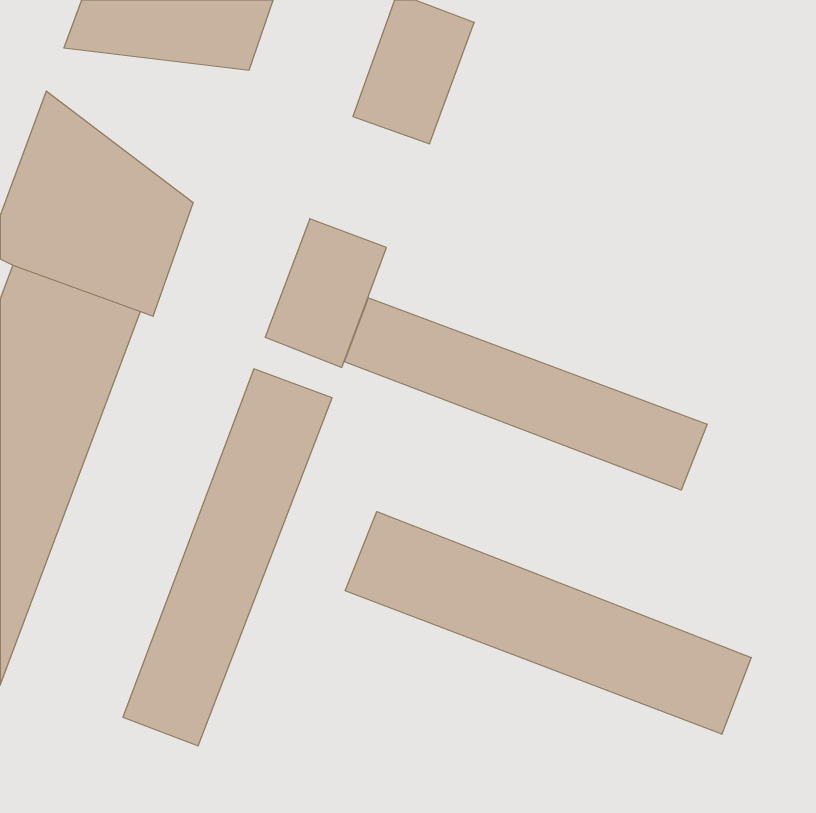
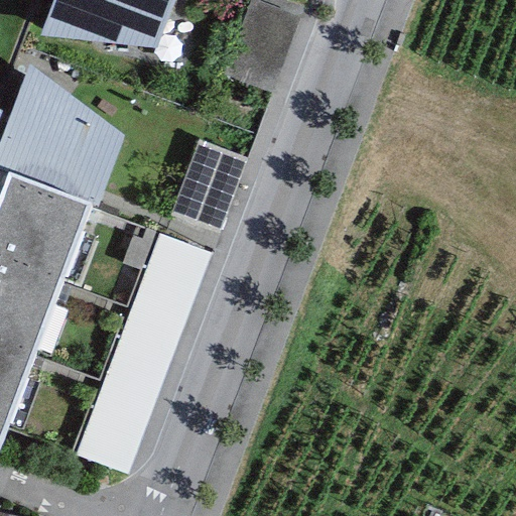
building: [345,298,707,490] -> none
building: [345,512,751,734] -> none

